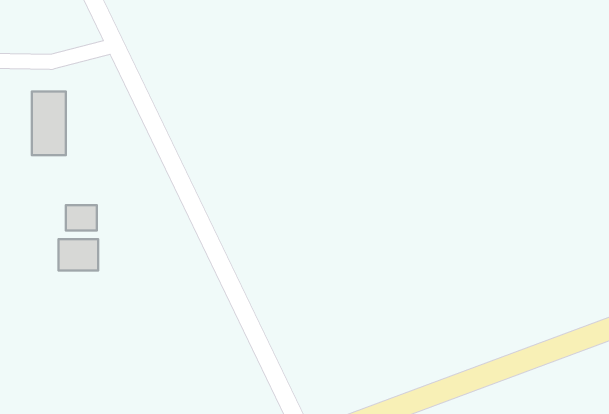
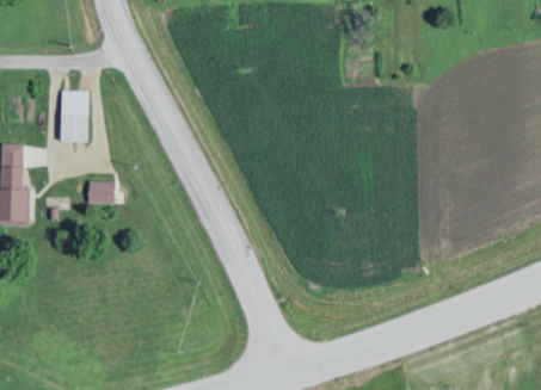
building: [58,239,98,271] -> none

